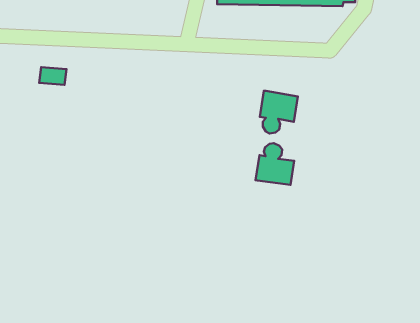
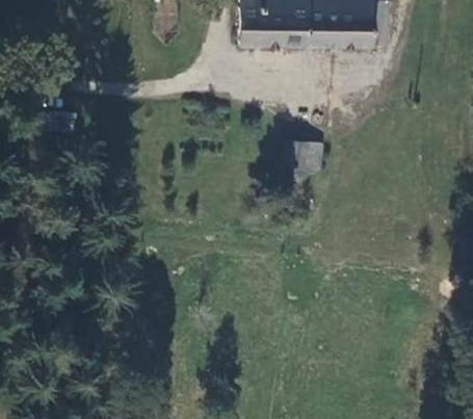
building: [256,143,294,185] -> none

